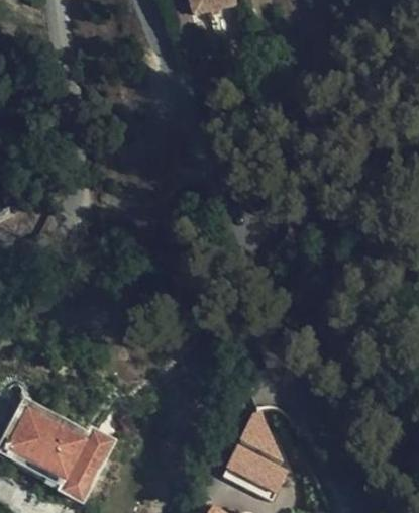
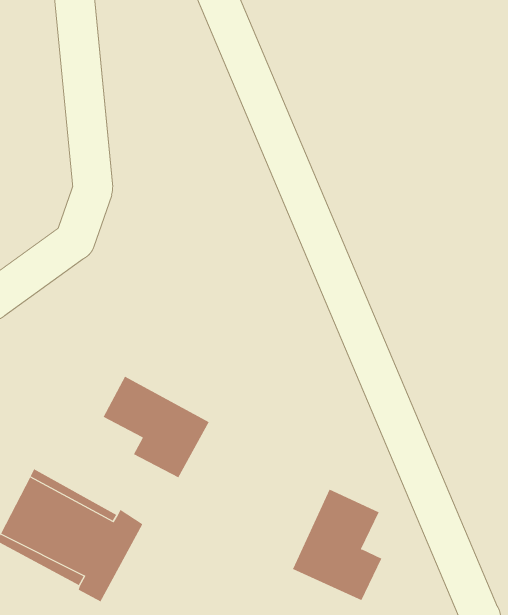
building: none -> [103,376,210,478]

